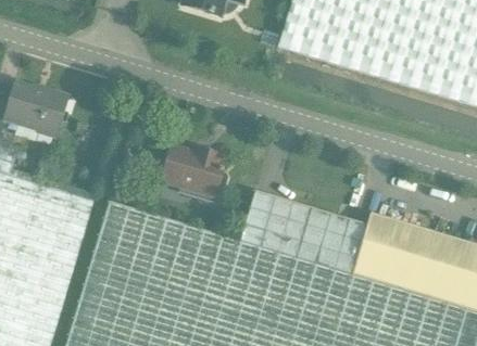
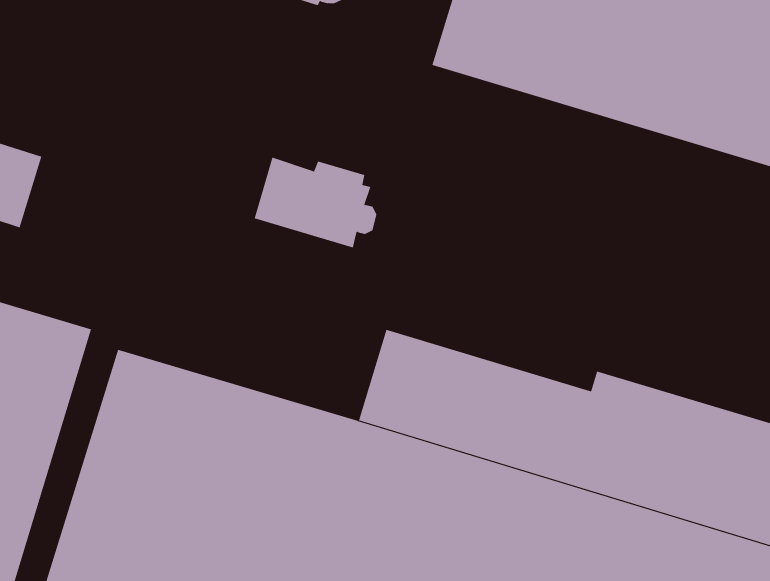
building: [161,148,228,197] -> [254,157,377,248]

